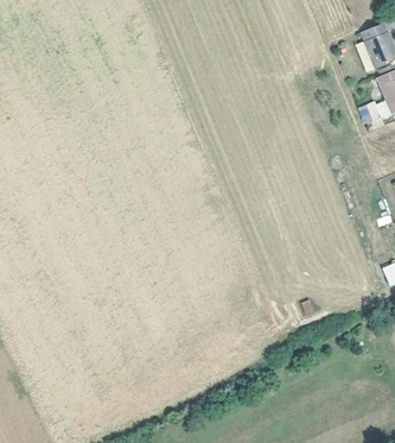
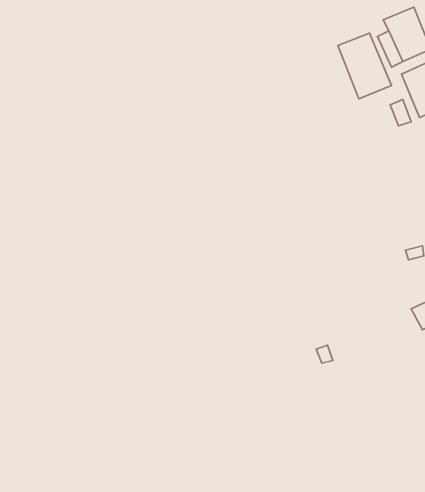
building: none -> [338,33,392,99]

